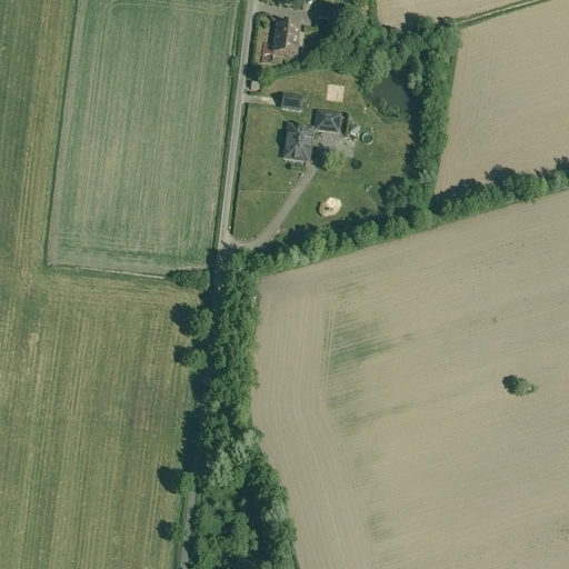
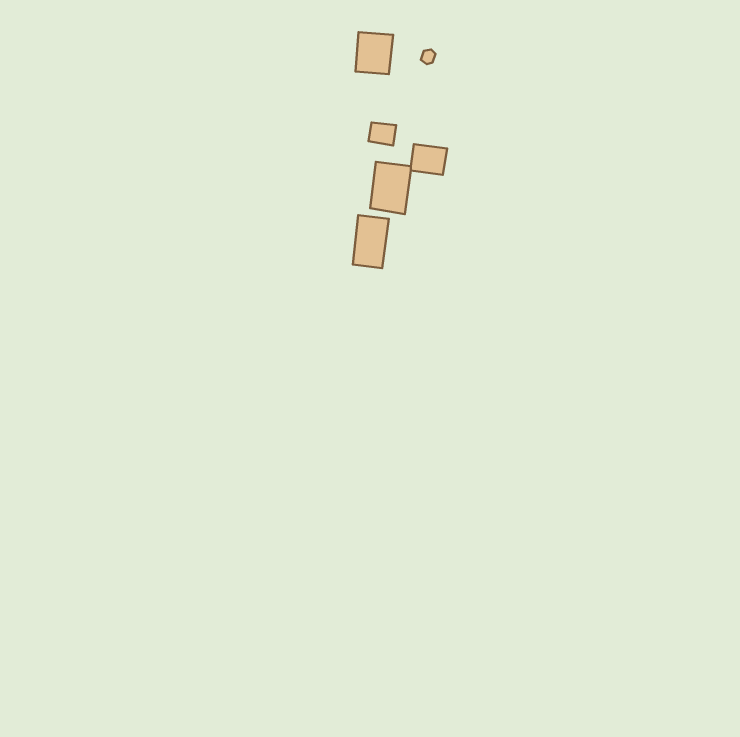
building: none -> [353,215,389,268]

